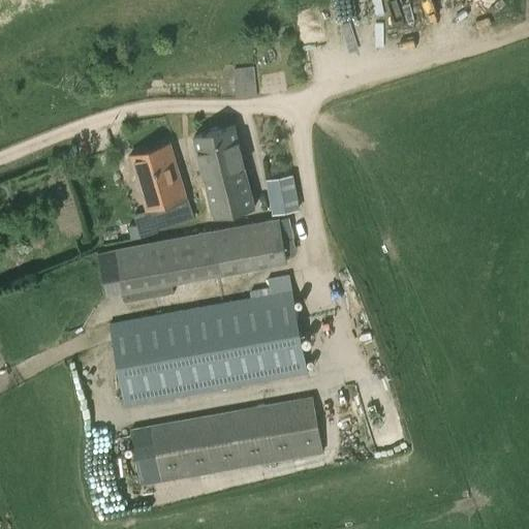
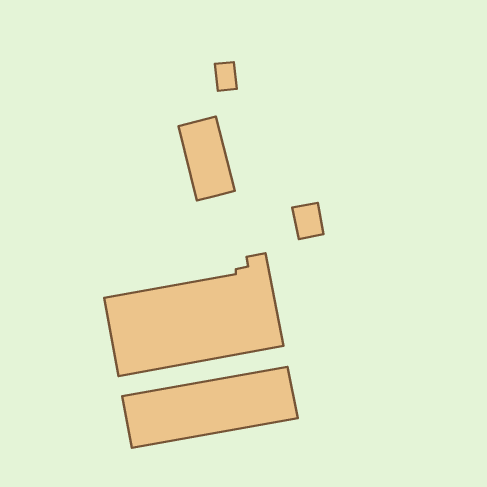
building: [129,144,186,230] -> none
building: [264,176,299,215] -> [292,203,324,239]
building: [96,220,286,295] -> none

